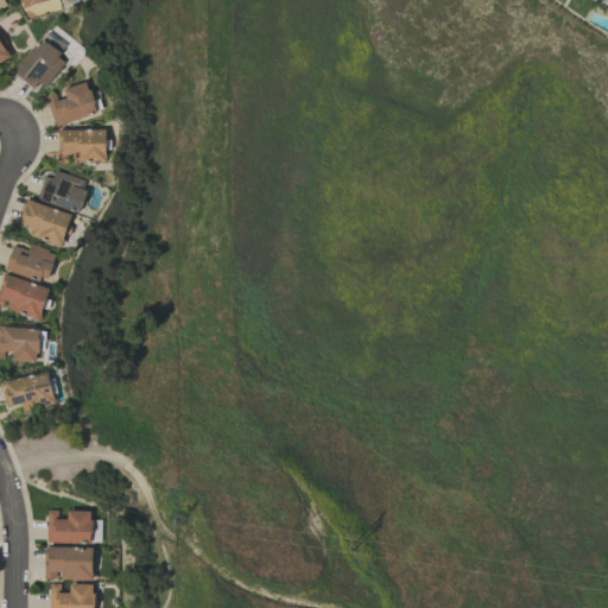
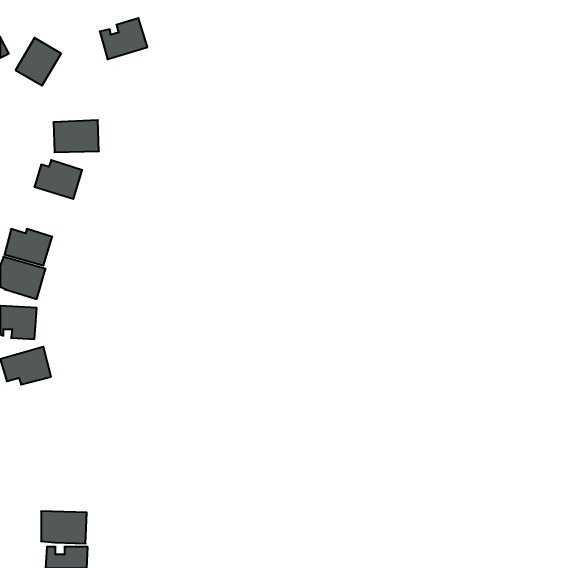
building: [46,82,97,126] -> [100,18,147,59]
building: [20,200,72,246] -> none
building: [46,511,91,544] -> none

